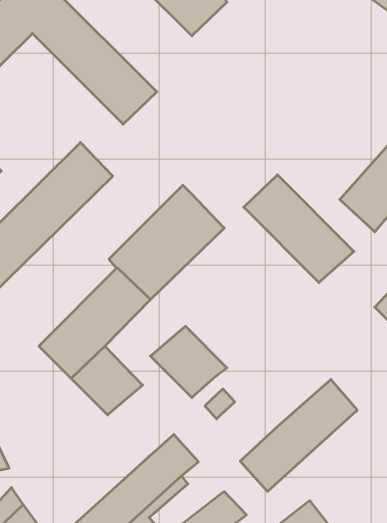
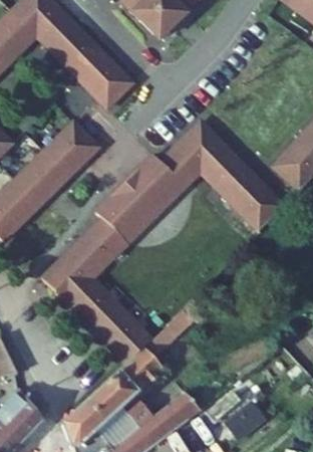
building: none -> [160,121,226,187]
building: [150,326,227,398] -> [94,308,153,364]
building: [240,379,357,491] -> none

